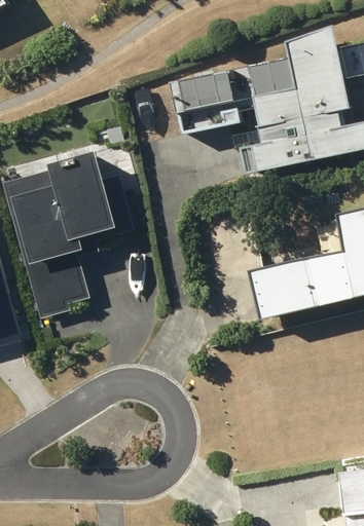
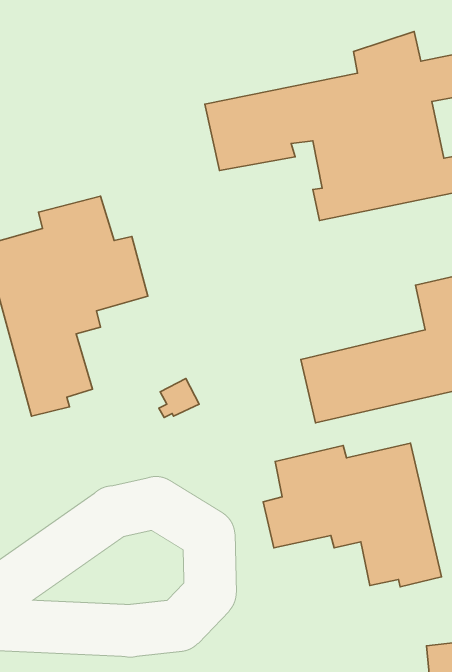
building: none -> [263,443,441,587]

